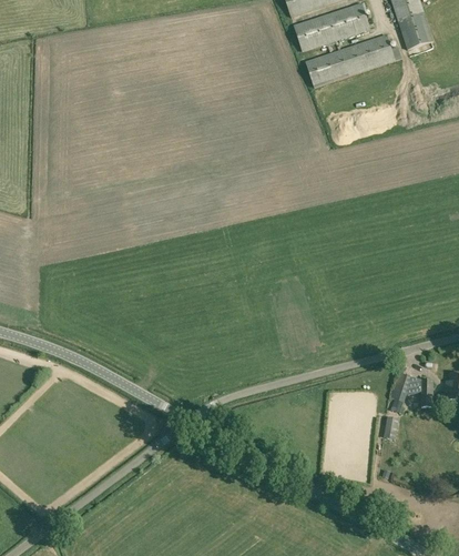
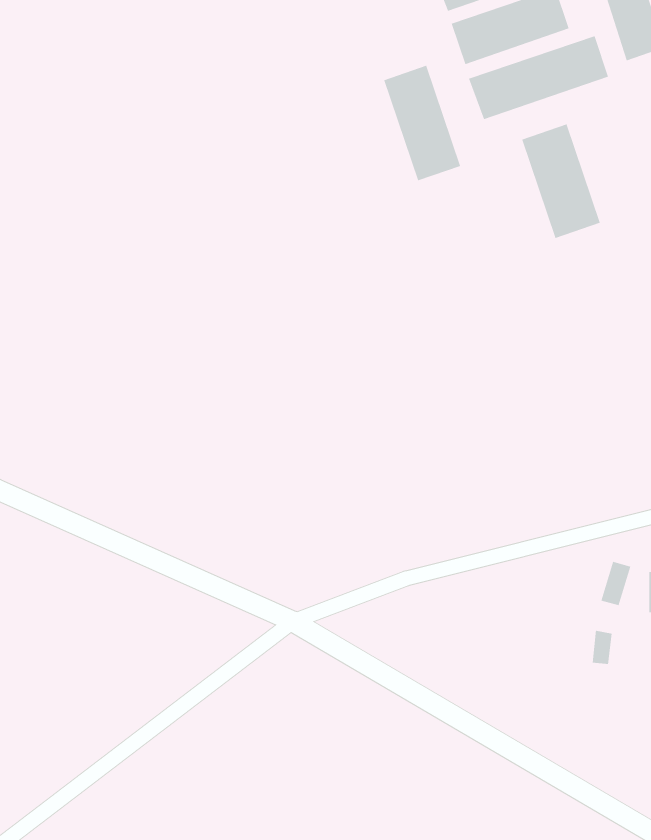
building: none -> [384,65,461,181]
building: none -> [521,123,600,239]

